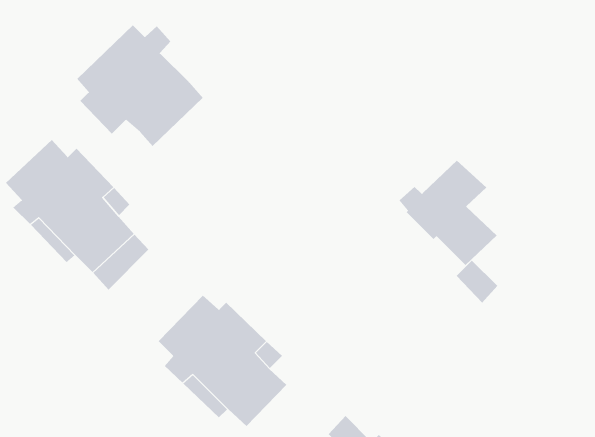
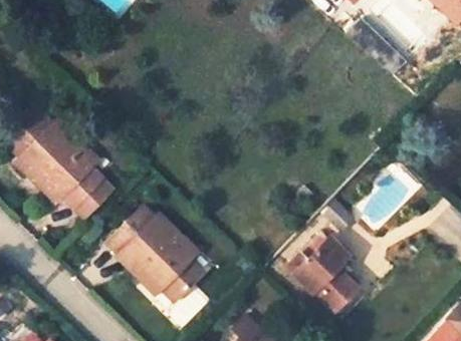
building: [76,24,204,147] -> none
building: [399,160,497,266] -> [288,237,357,310]

